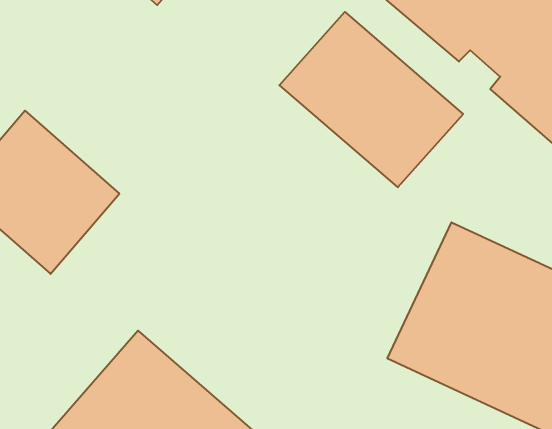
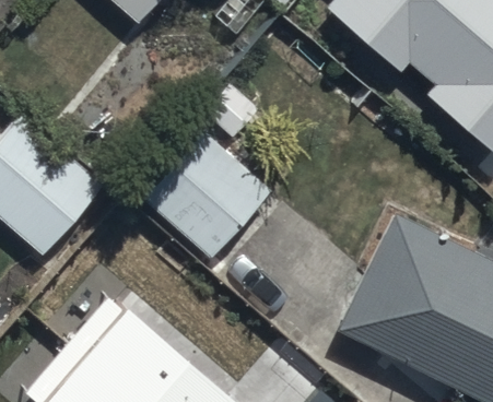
building: [279,12,463,187] -> none
building: none -> [151,141,266,256]

